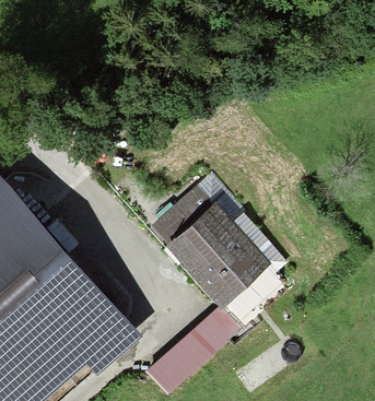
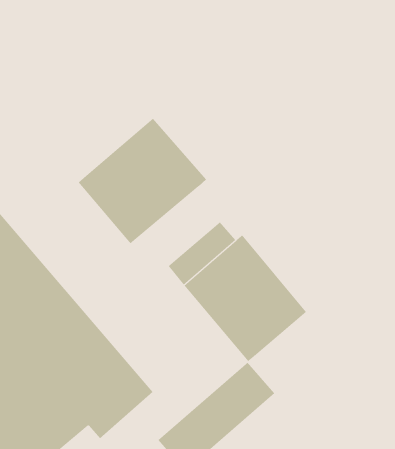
building: none -> [78,118,207,244]
building: [197,180,286,320] -> none

